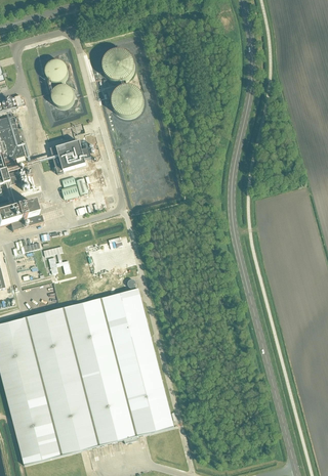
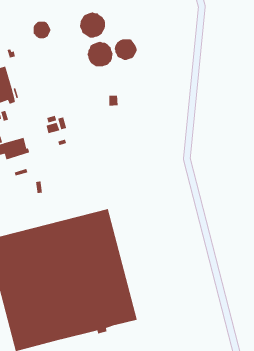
building: none -> [114,38,137,61]
building: [51,84,74,106] -> none
building: [49,140,90,172] -> none

